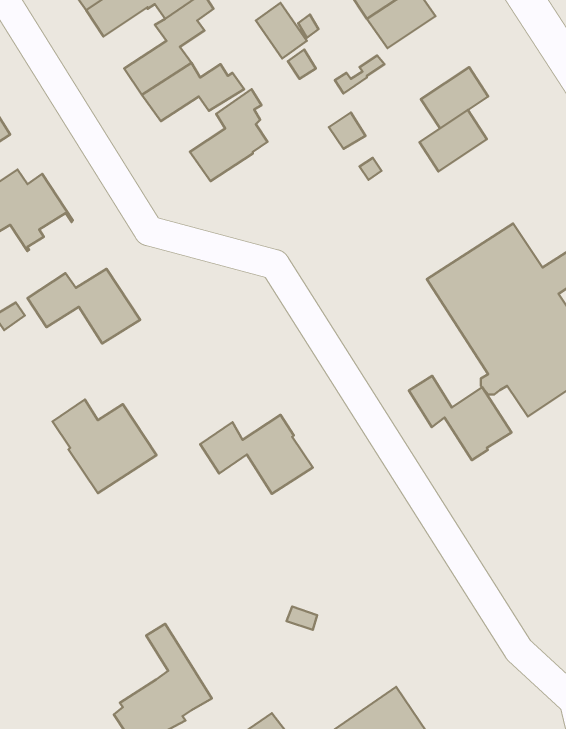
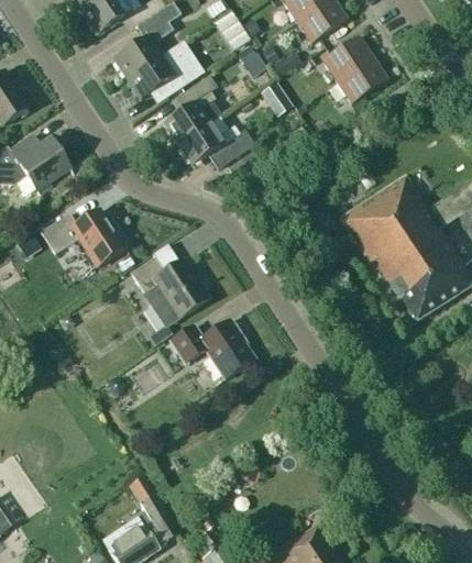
building: [420,110,487,171] -> [321,35,372,81]
building: none -> [177,122,253,168]
building: [409,376,512,460] -> none
building: [53,400,156,493] -> [130,256,208,327]

